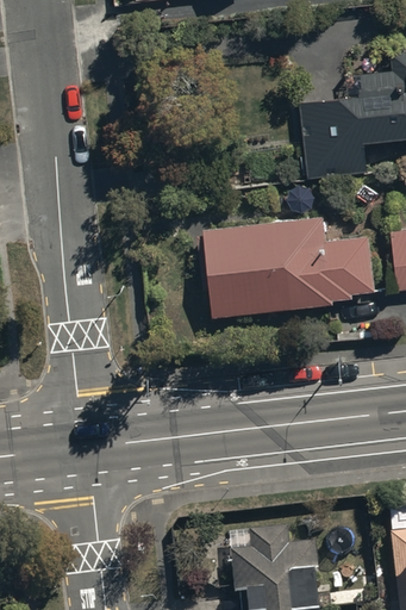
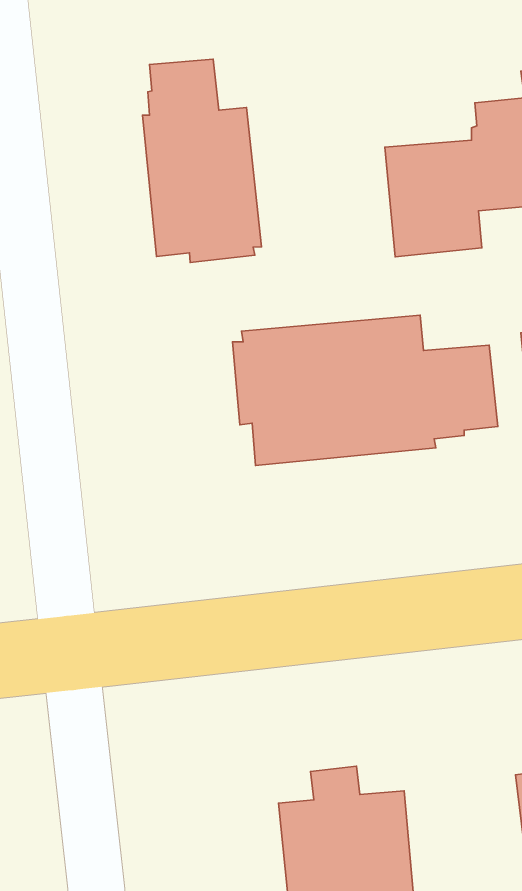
building: none -> [143,59,262,262]

